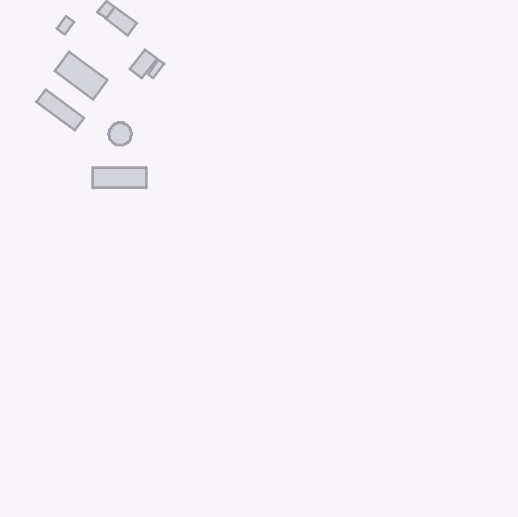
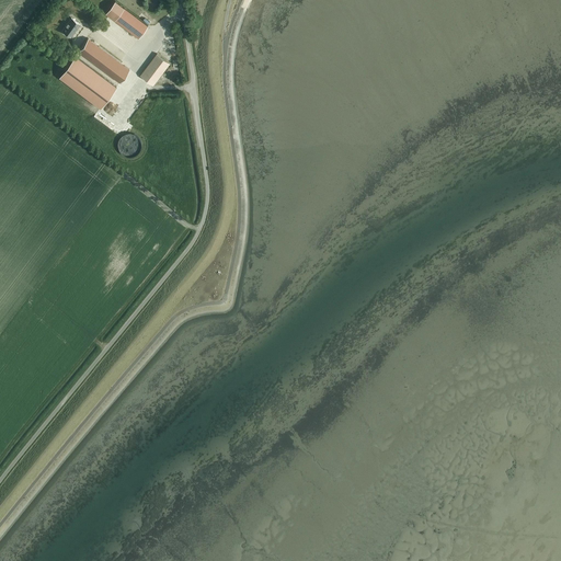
building: [36,90,84,130] -> [78,39,129,83]
building: [93,167,146,188] -> none

